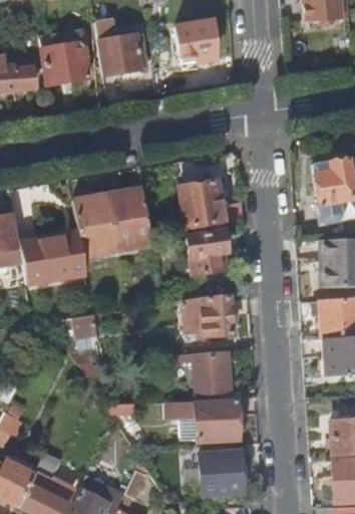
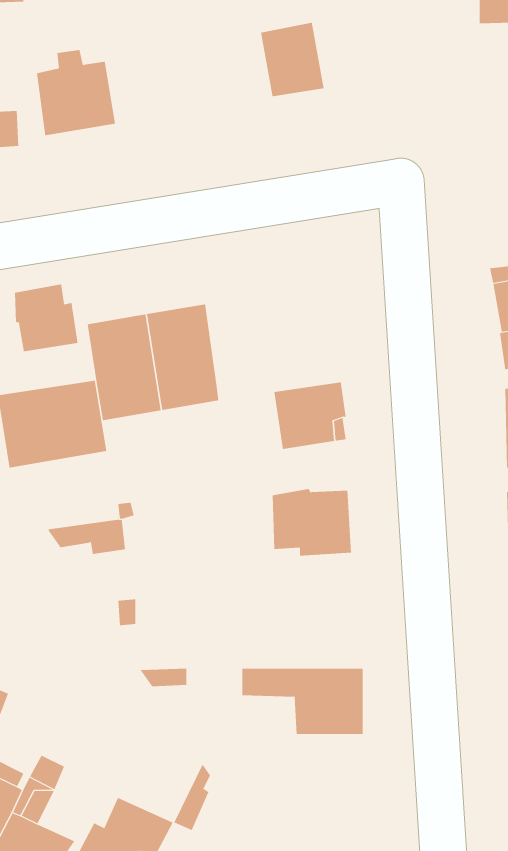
building: [97,20,150,78] -> none
building: none -> [15,284,78,352]
building: [181,183,225,228] -> none
building: [175,354,233,395] -> none
building: [200,453,244,496] -> none

